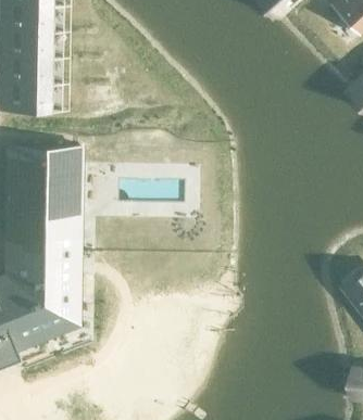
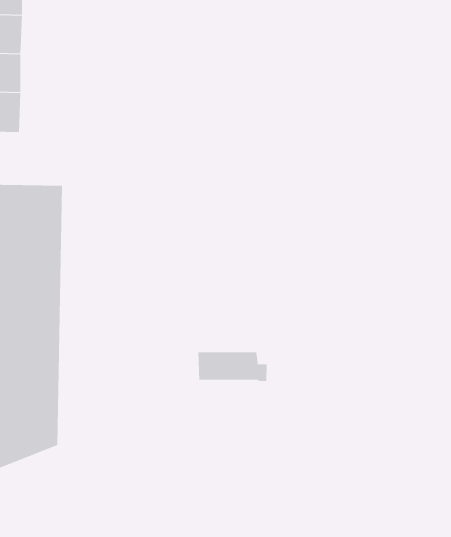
building: none -> [198,351,267,382]

